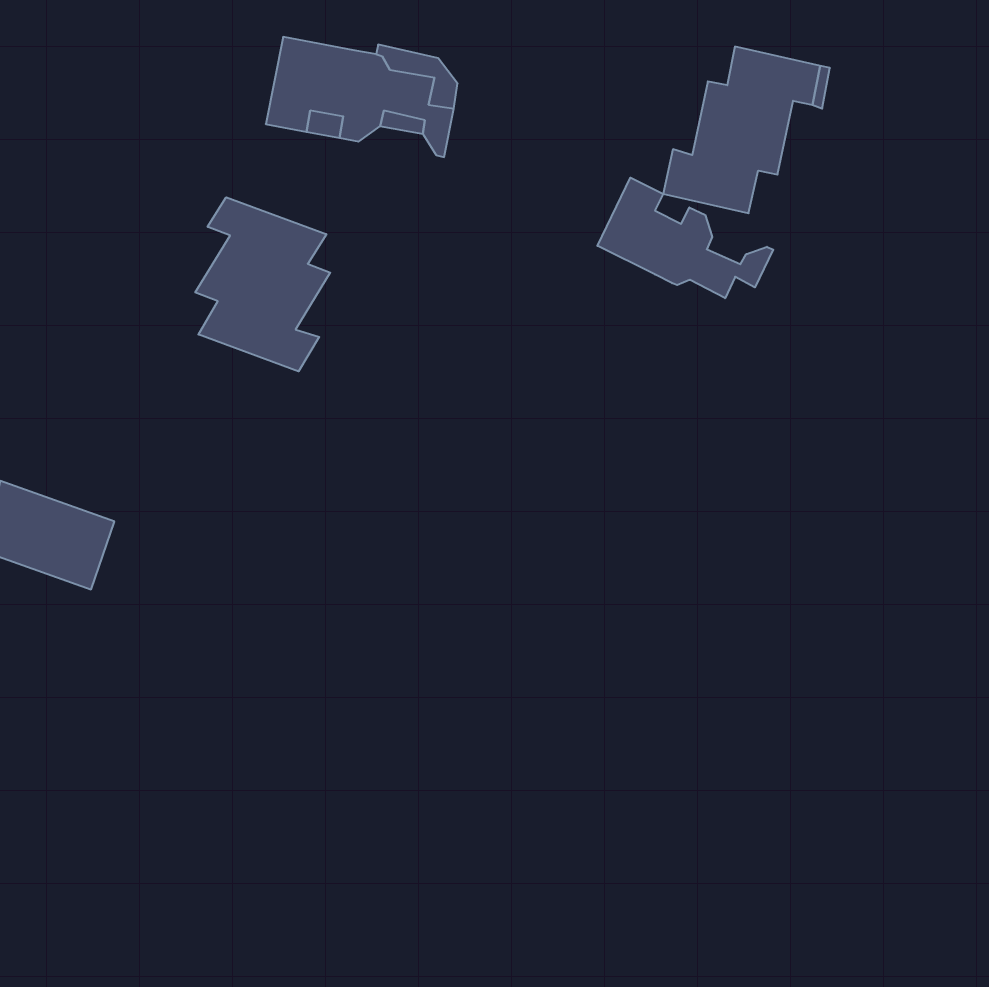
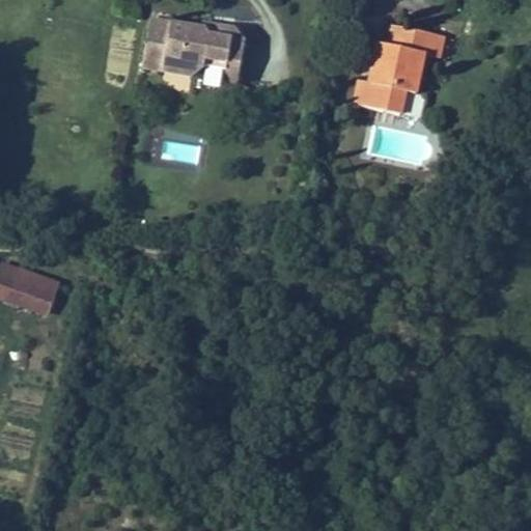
building: [597,178,773,298] -> none
building: [195,197,330,371] -> none

